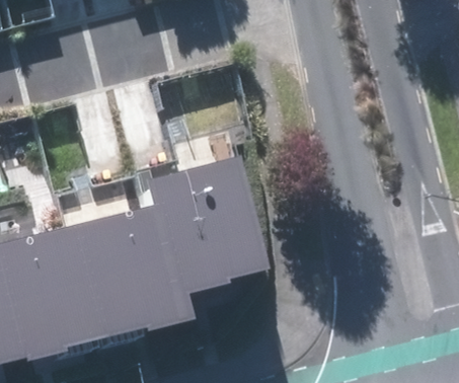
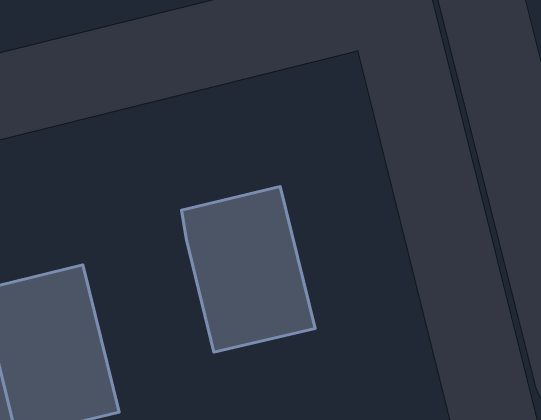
building: [72,202,185,341] -> none

